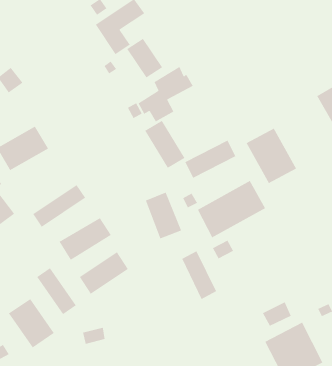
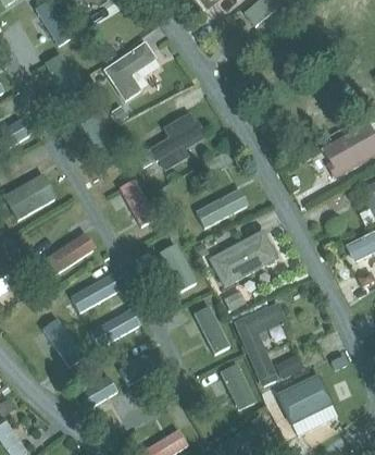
building: [126,38,163,78] -> none
building: [144,120,186,169] -> [115,175,158,225]
building: [246,127,297,184] -> none
building: none -> [235,304,286,381]
building: [8,298,55,348] -> none
building: none -> [218,359,255,408]

